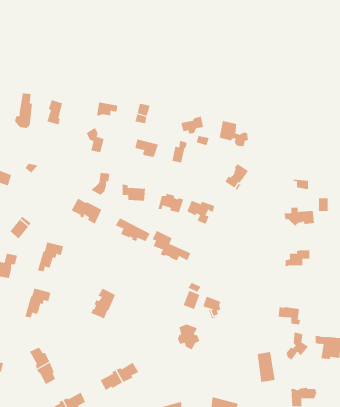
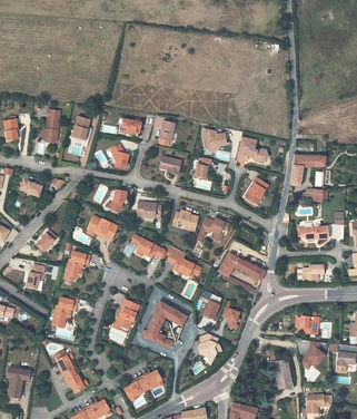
building: none -> [292,153,329,184]
building: none -> [218,253,262,291]
building: none -> [143,300,186,349]

